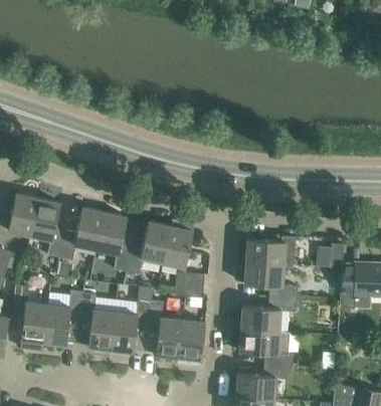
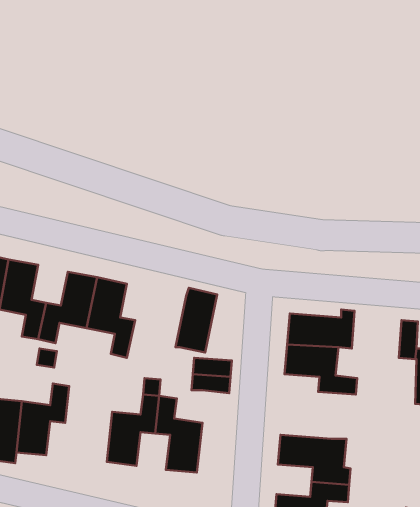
building: [127,221,171,273] -> none
building: [80,292,116,349] -> none
building: [241,296,304,332] -> none
building: [179,320,205,360] -> none

